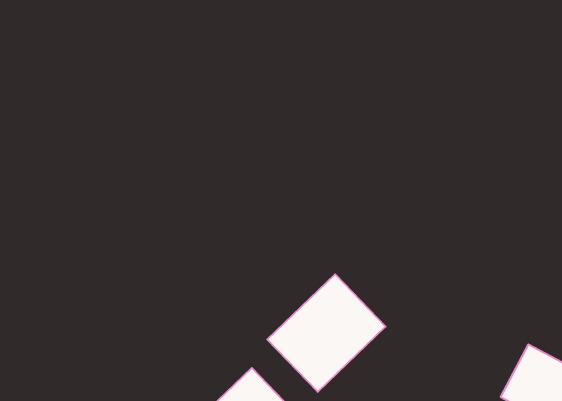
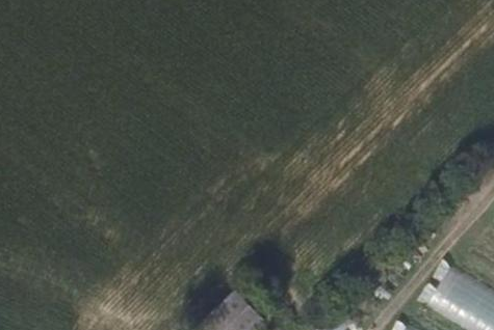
building: [267,274,386,392] -> none

